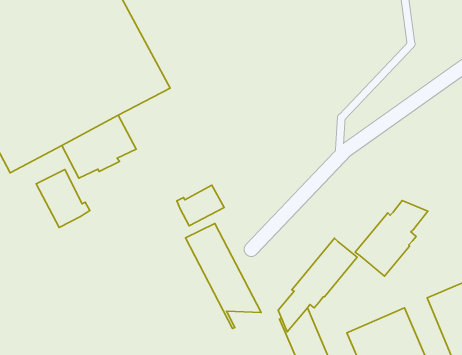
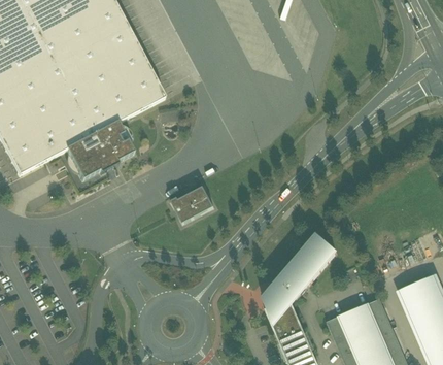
building: [36,169,90,227] -> none
building: [355,201,428,276] -> none
building: [186,224,261,328] -> none

